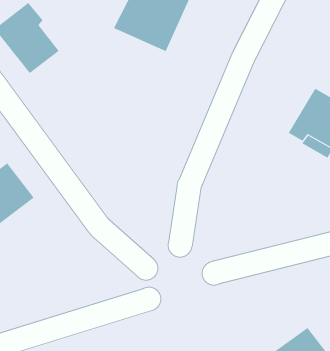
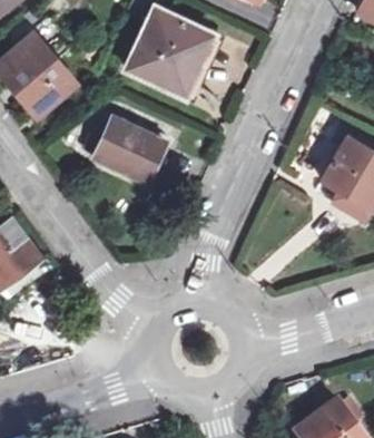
building: none -> [97,117,168,182]

